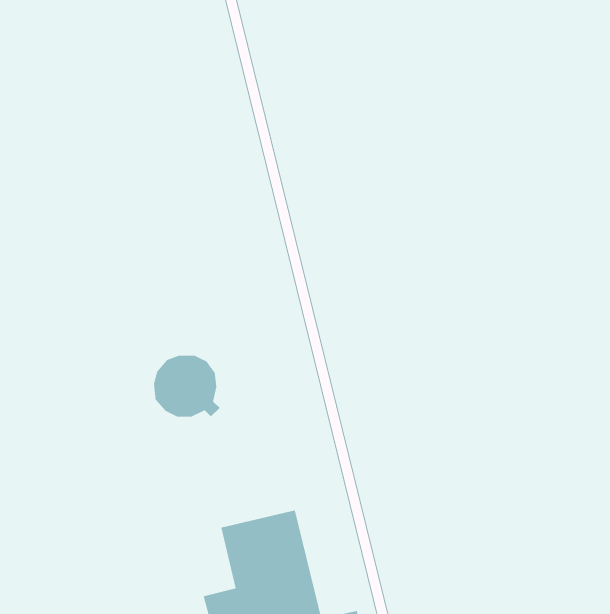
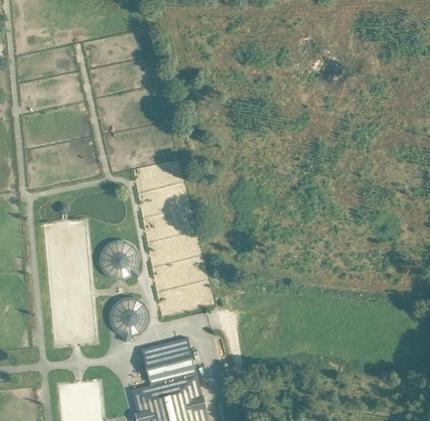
building: none -> [108,295,148,340]

